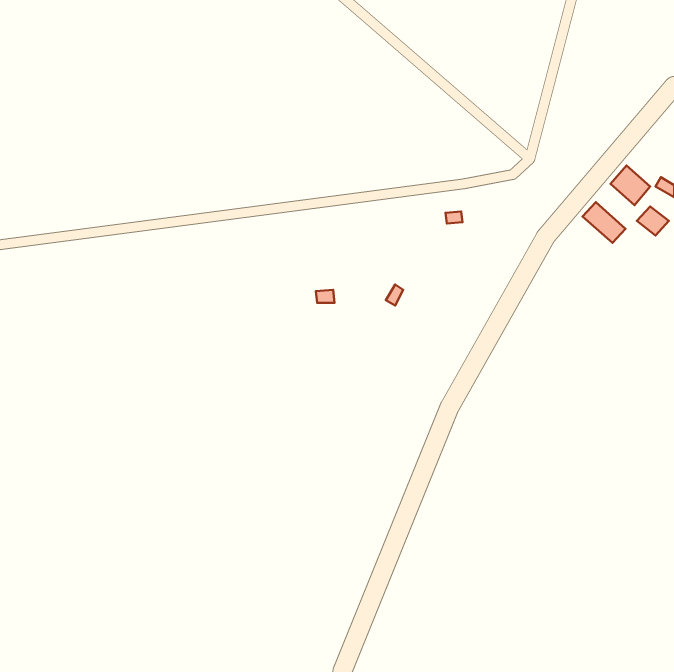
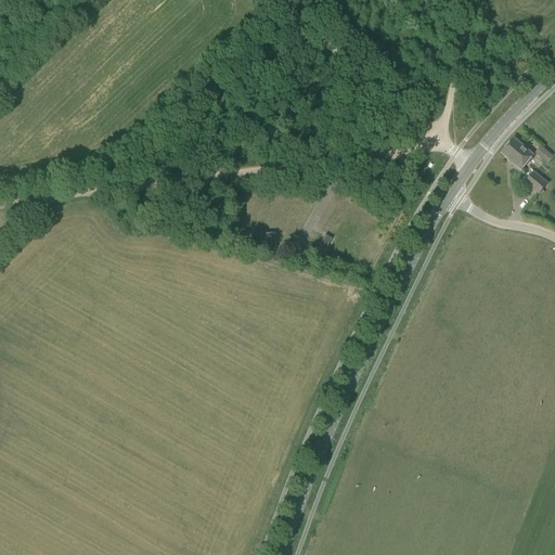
building: [582,202,626,243] -> none

